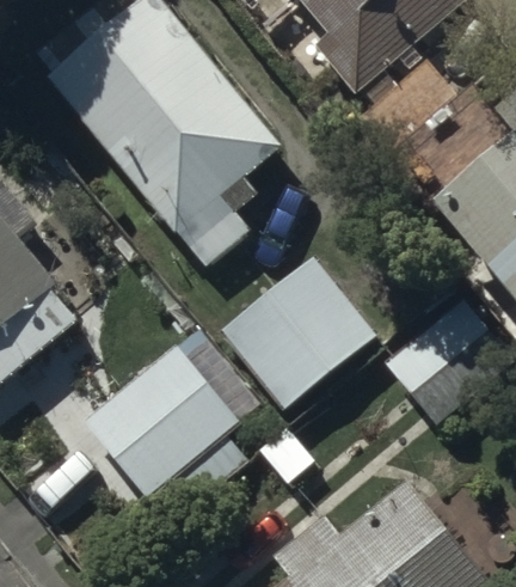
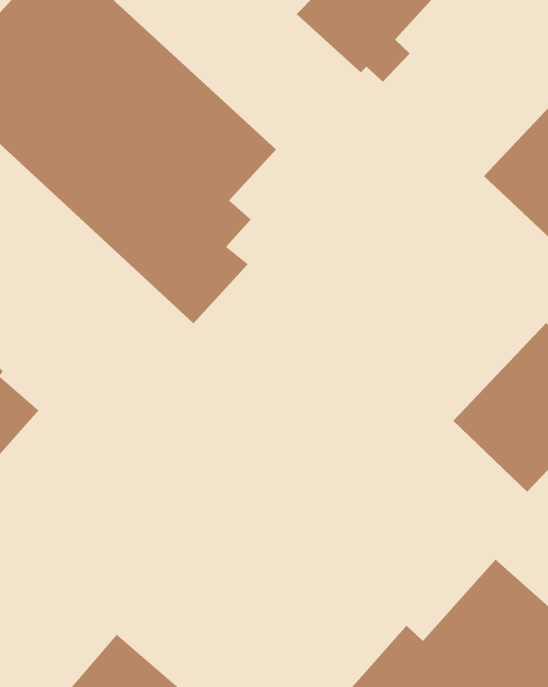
building: [217,253,377,410] -> none
building: [85,348,241,512] -> none

